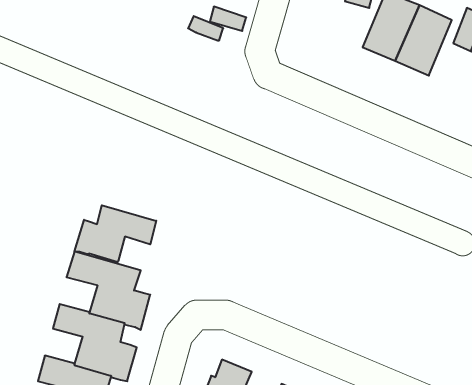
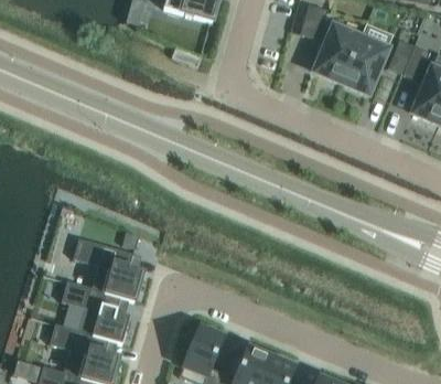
building: [74,205,156,262] -> none

